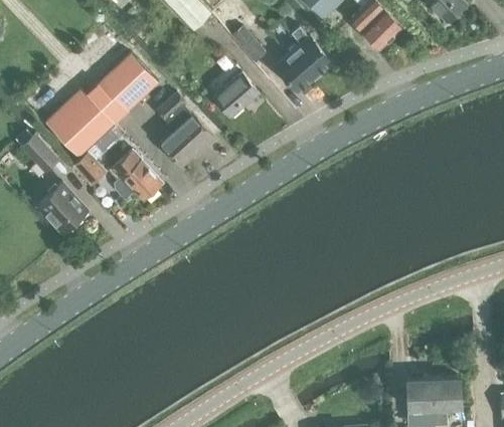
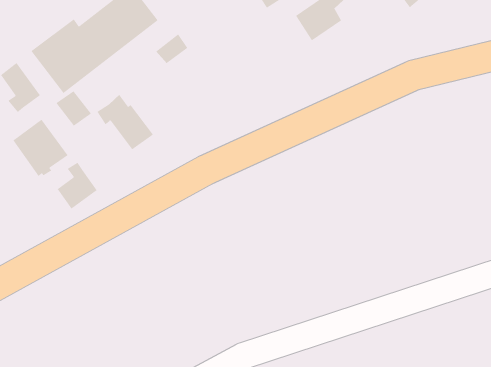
building: [213,73,259,117] -> none
building: [159,113,215,166] -> none
building: none -> [57,162,98,210]

